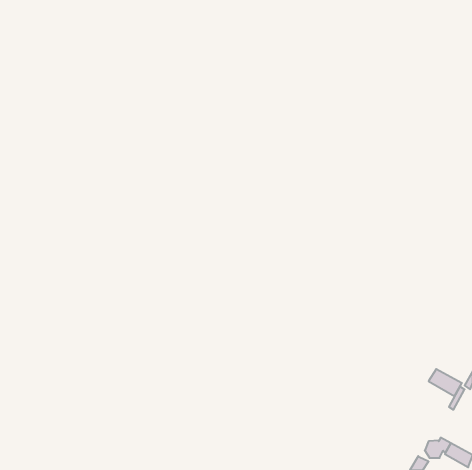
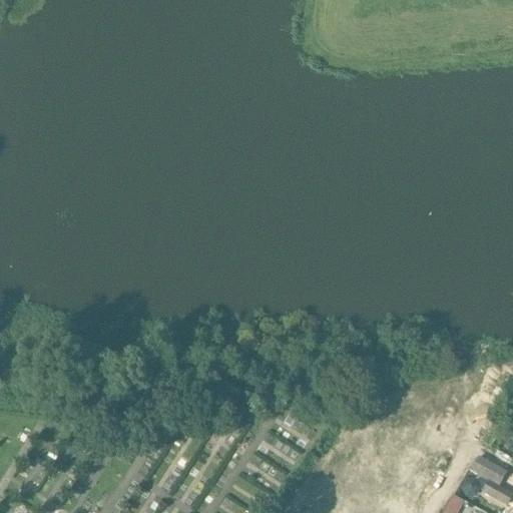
building: [429,369,462,396] -> [472,455,508,484]

